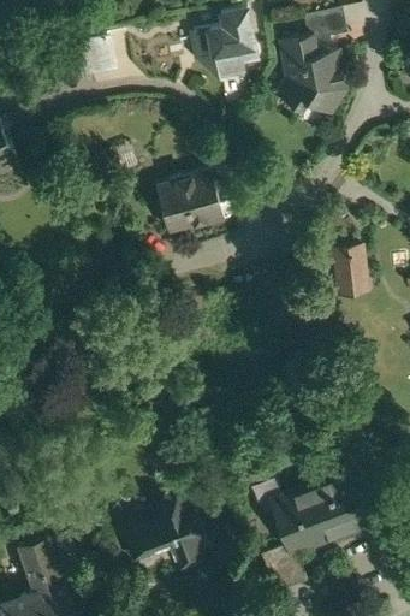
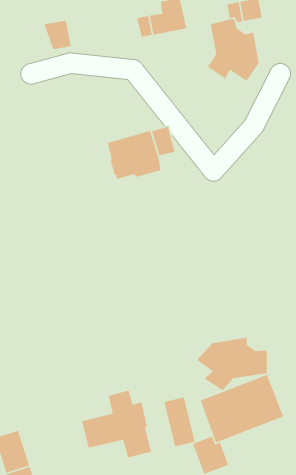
building: [212,47,255,79] -> none
building: [335,245,369,295] -> none
building: none -> [196,337,268,391]
building: none -> [163,396,195,447]

